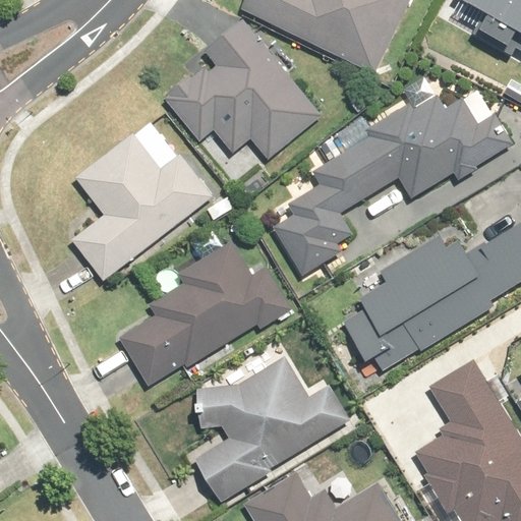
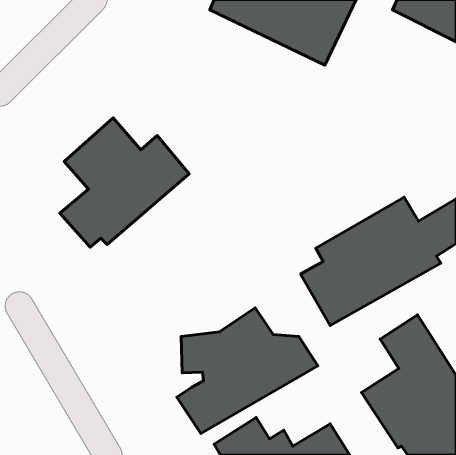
building: [163,20,319,161] -> none
building: [272,94,514,279] -> none
building: [116,243,289,387] -> none

